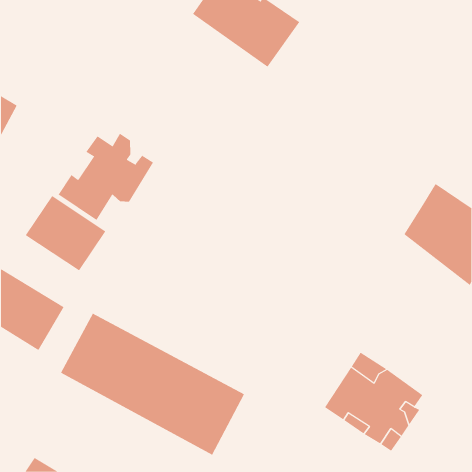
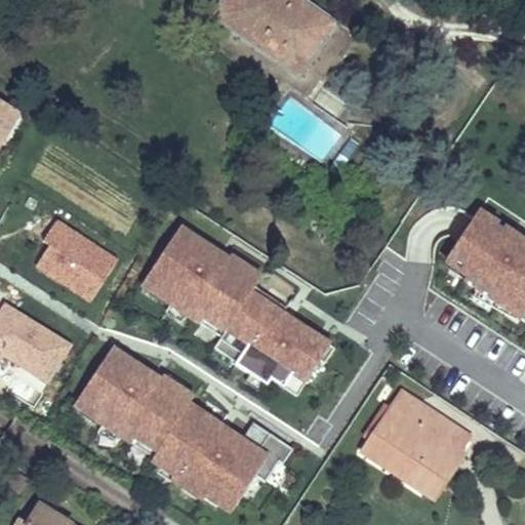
building: [58,133,154,221] -> none
building: none -> [137,220,331,395]

